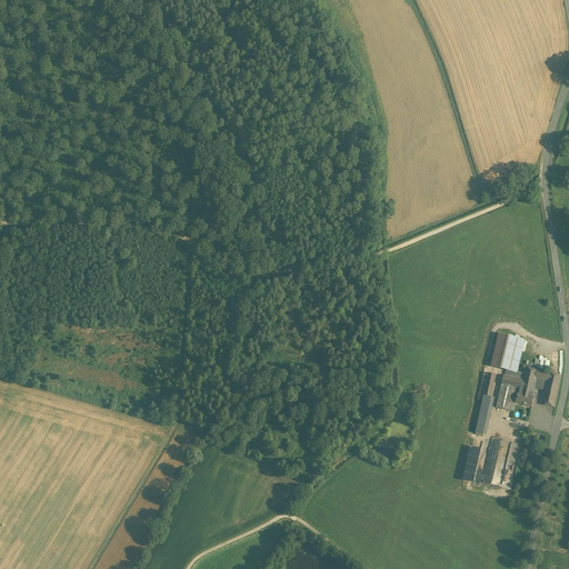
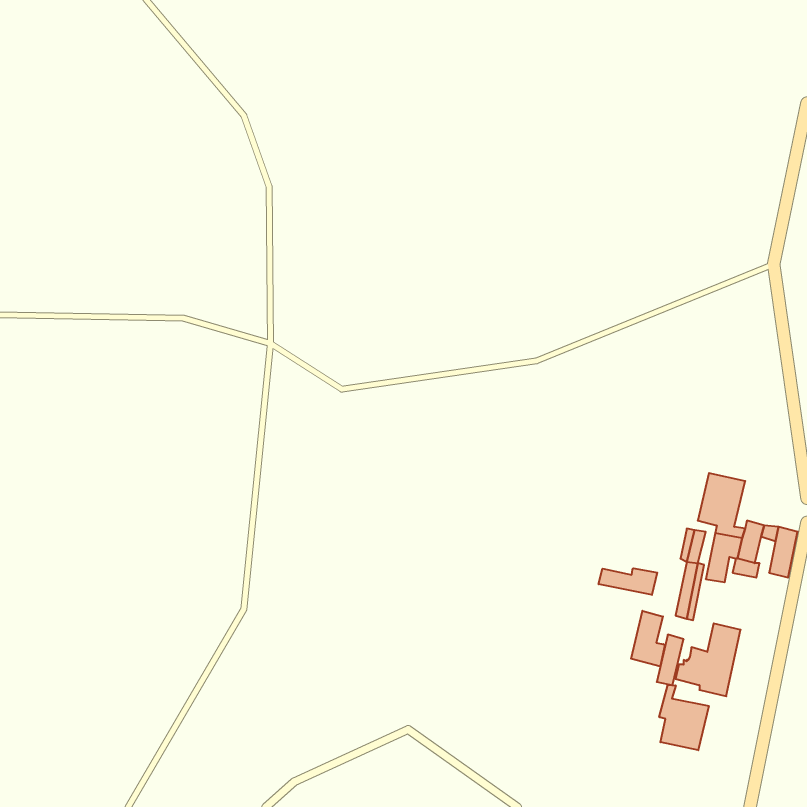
building: none -> [599,568,657,595]
building: none -> [631,611,665,666]
building: none -> [659,685,709,750]

